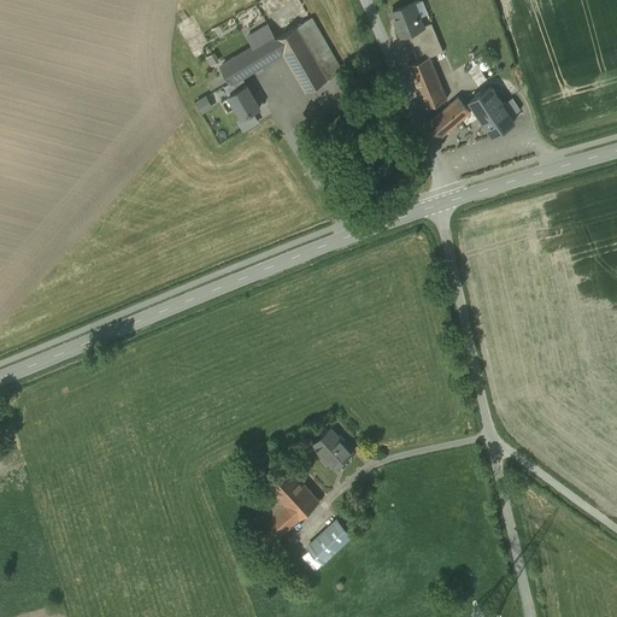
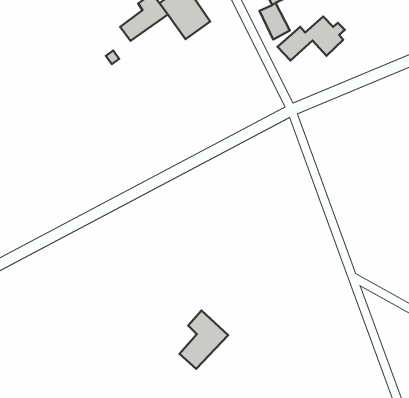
building: [227,87,260,122] -> none
building: [310,429,354,474] -> none
building: [305,521,352,566] -> none

